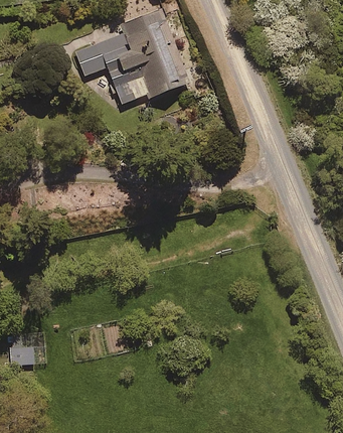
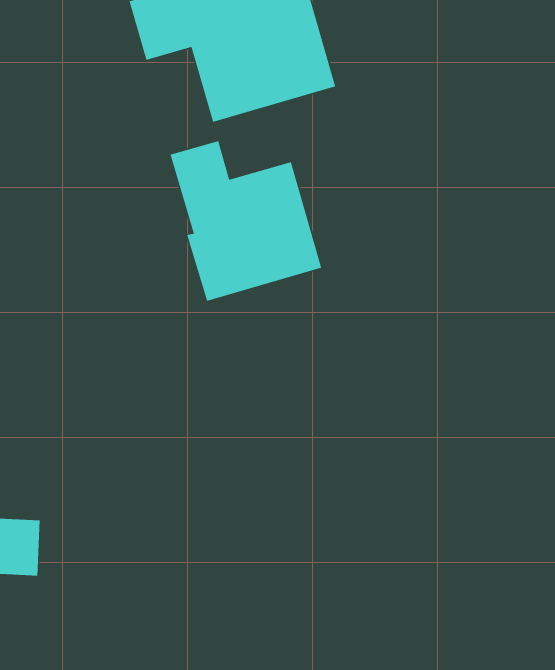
building: none -> [169,140,322,302]

